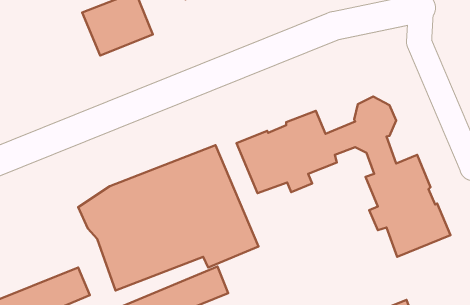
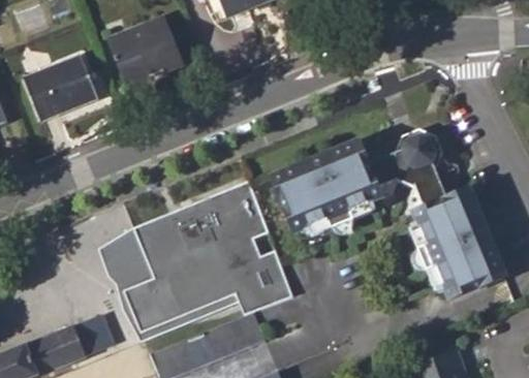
building: none -> [22,57,95,120]

